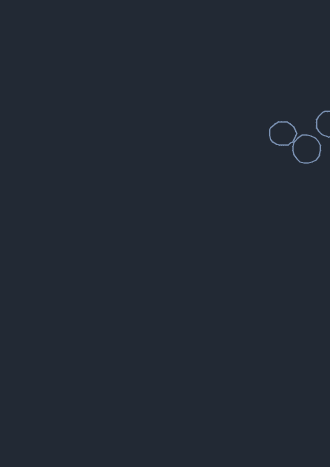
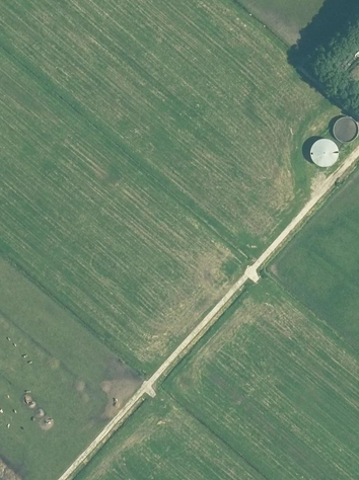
building: [270,122,297,145] -> none

